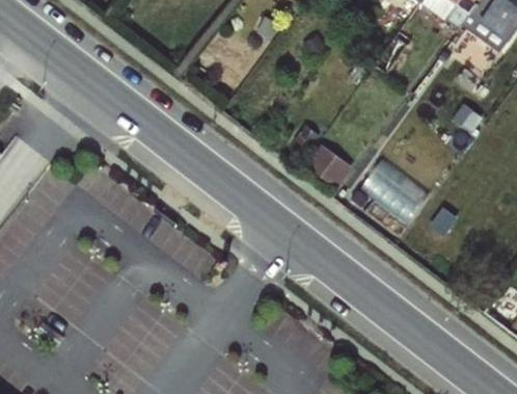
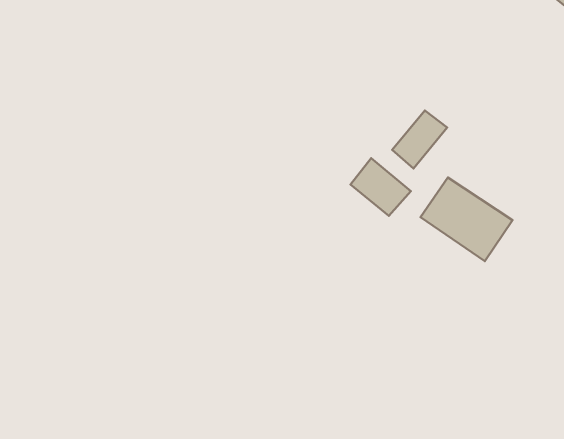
building: none -> [392,111,447,168]

